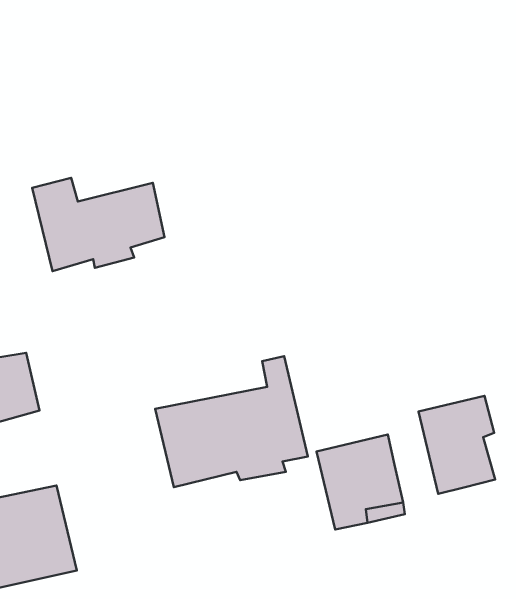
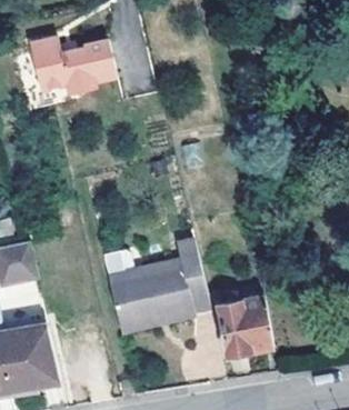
building: [32,178,165,271] -> [27,37,113,98]
building: [419,396,495,494] -> none

